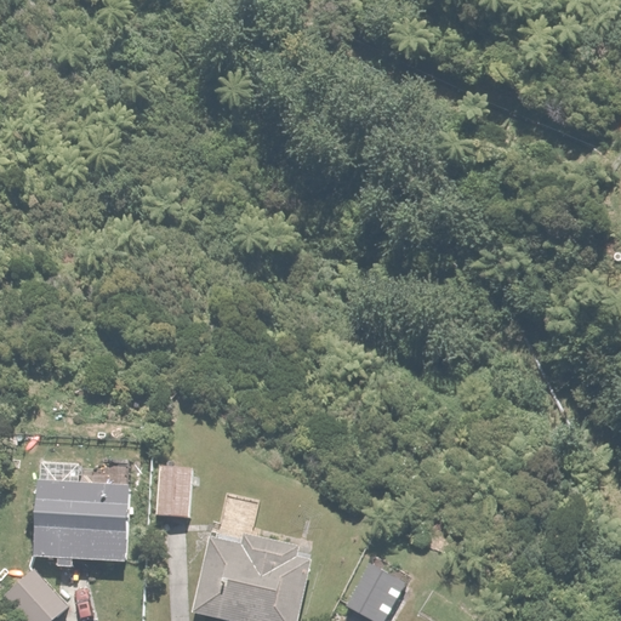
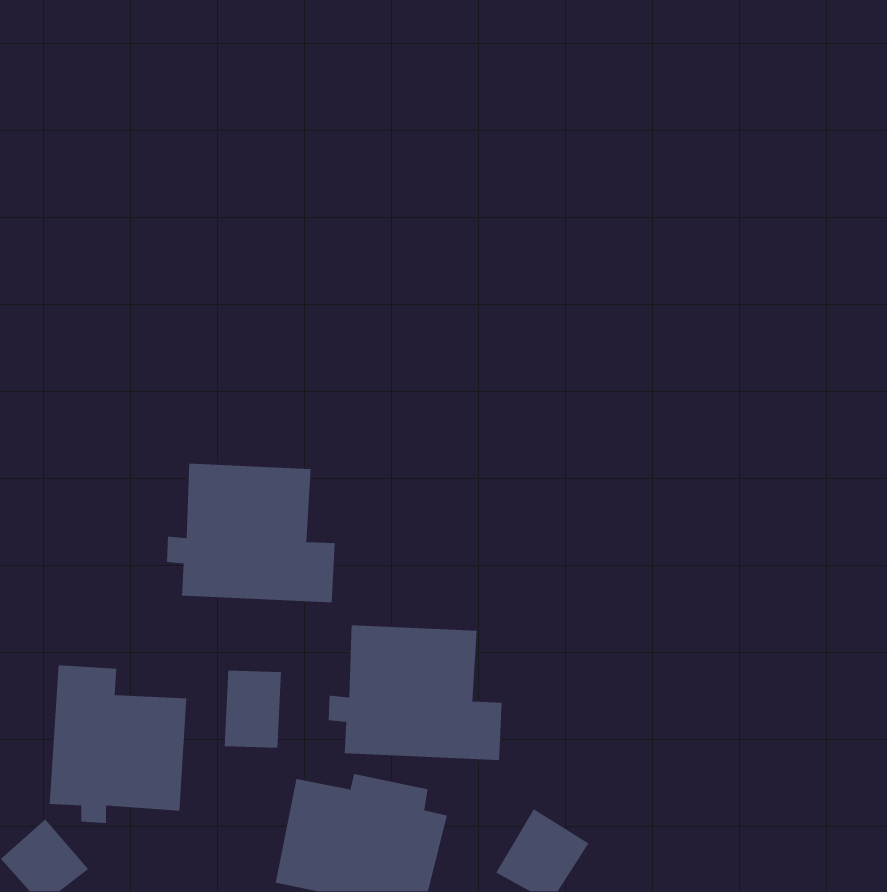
building: none -> [166,463,335,603]
building: none -> [328,624,503,761]

